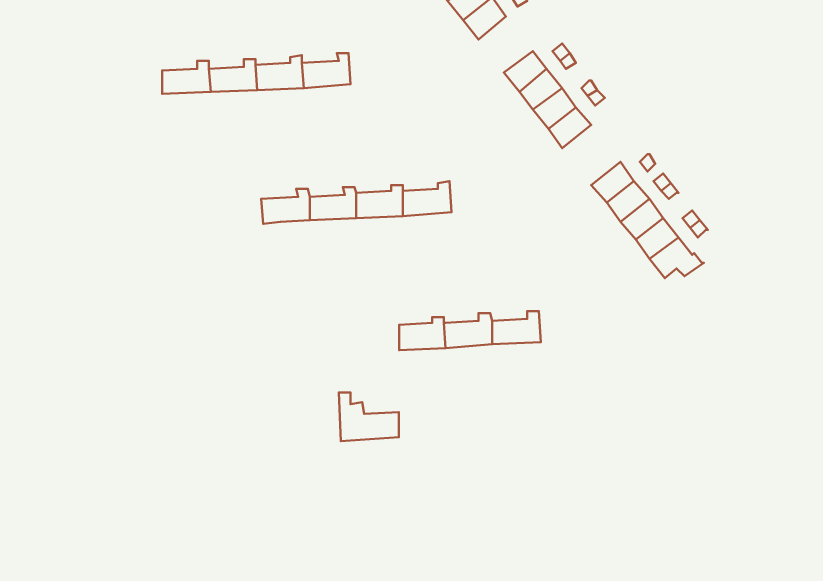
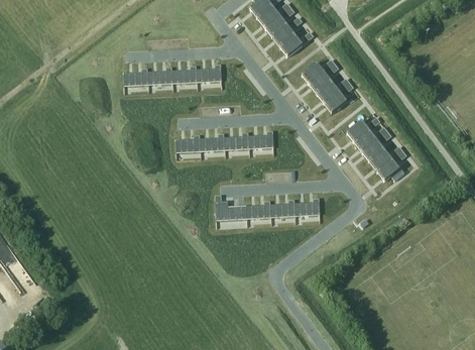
building: [339,393,399,441] -> [216,195,247,220]

